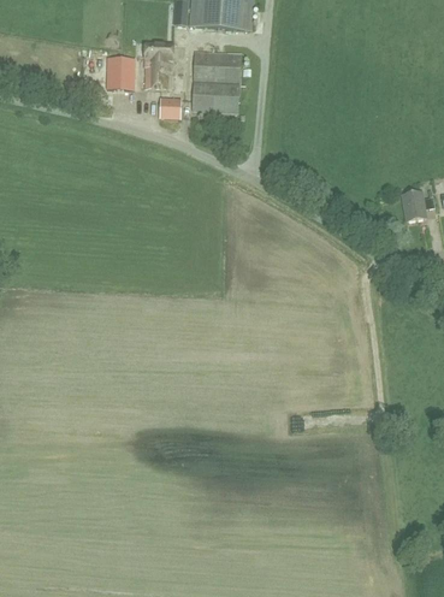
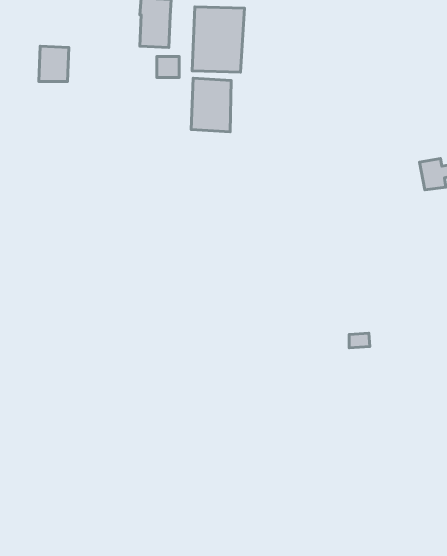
building: [107,55,135,88] -> [39,46,69,81]
building: none -> [191,78,231,132]

